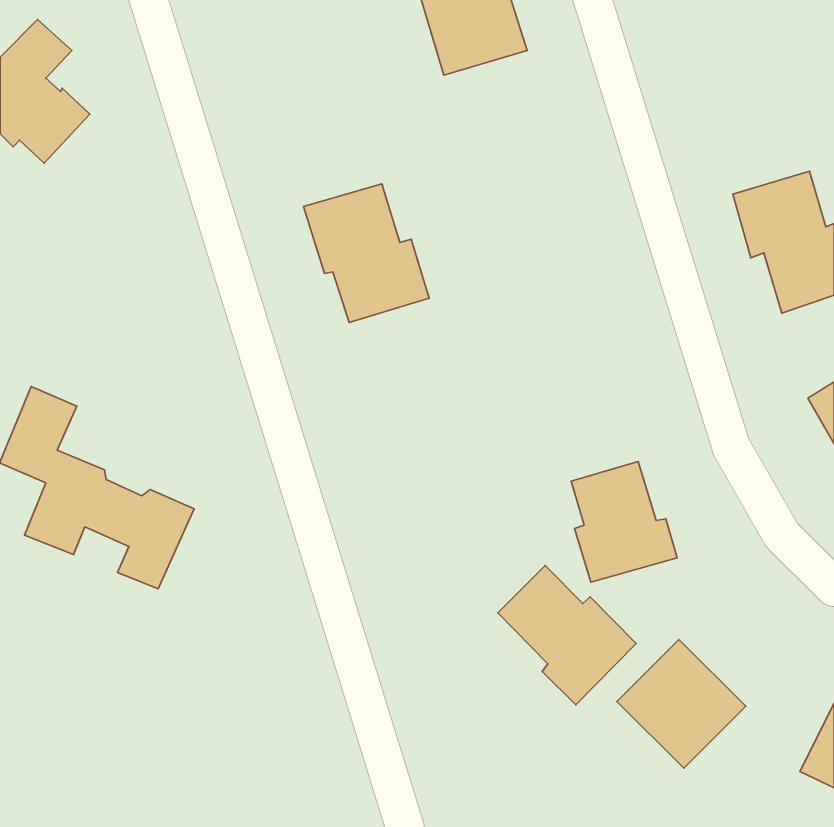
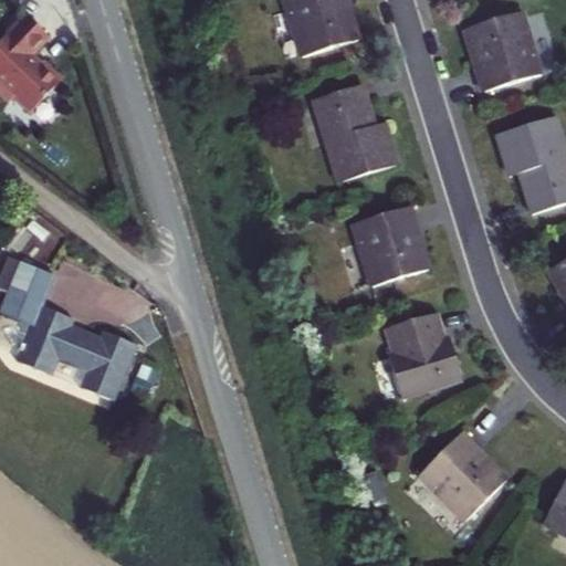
building: none -> [464,12,538,90]
building: [303,184,429,322] -> [311,83,396,177]
building: none -> [352,205,430,283]
building: [498,566,636,705] -> none

